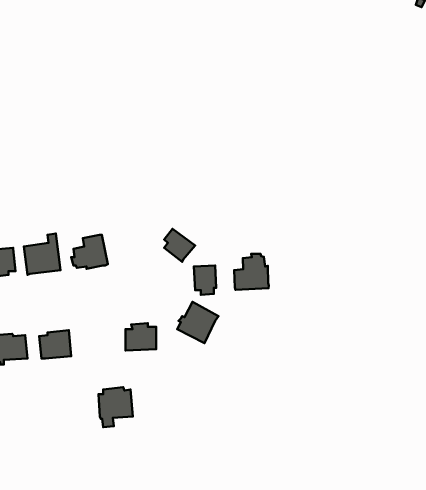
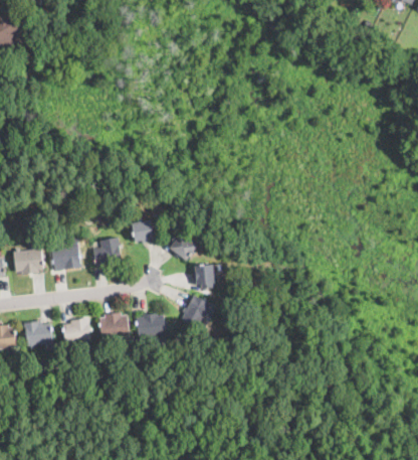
building: none -> [131,219,158,243]
building: [234,254,269,290] -> none
building: [99,387,133,427] -> [99,312,129,346]

